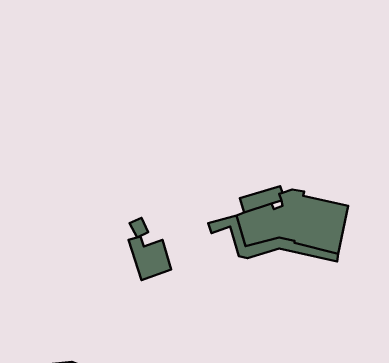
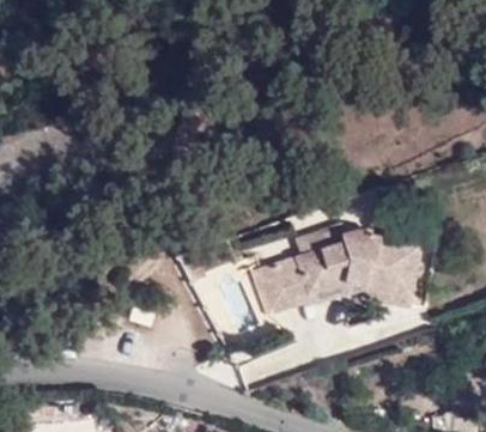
building: [128,237,171,280] -> [255,269,302,317]

